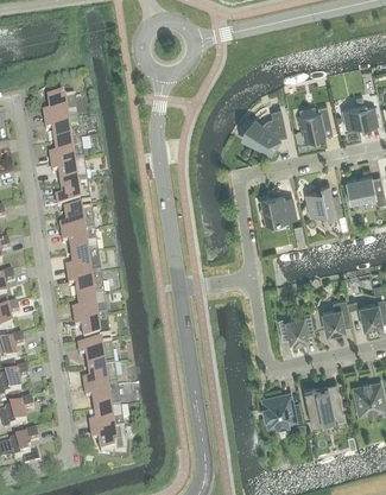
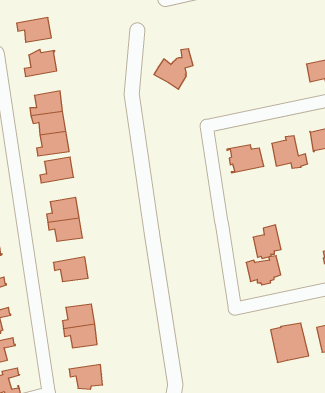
building: [296,102,330,137] -> none
building: [242,107,284,150] -> [154,49,193,89]
building: [43,113,80,139] -> [17,18,51,42]
building: [59,226,96,252] -> none
building: [71,290,106,316] -> none
building: [321,296,350,331] -> [253,225,281,259]
building: [76,338,113,363] -> none
building: [261,389,295,423] -> none
building: [88,402,122,429] -> none

